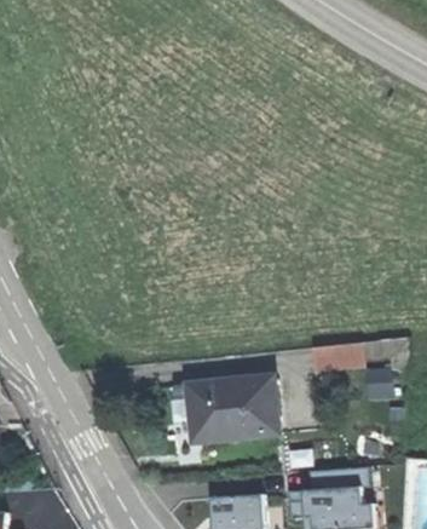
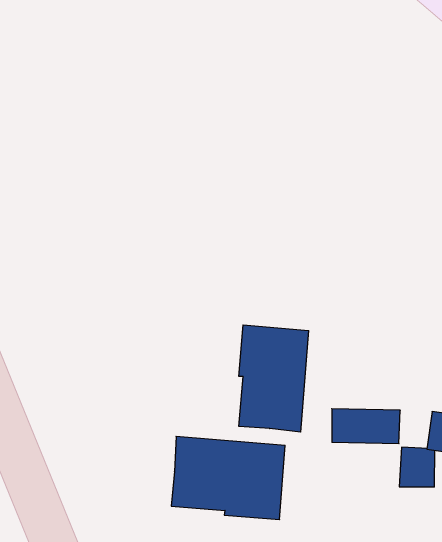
building: none -> [239,325,309,432]

